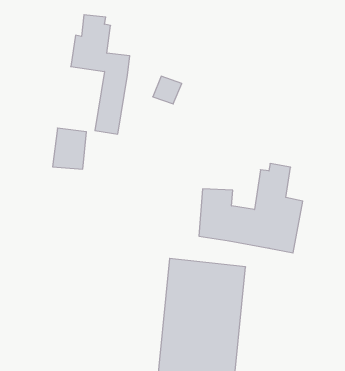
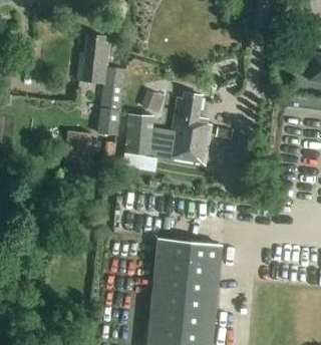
building: [199,164,303,253] -> [125,93,212,167]

